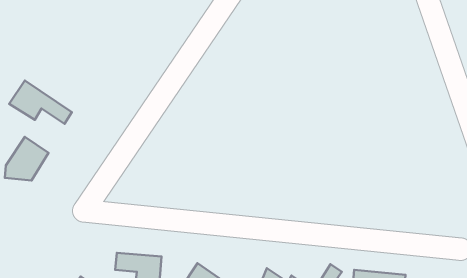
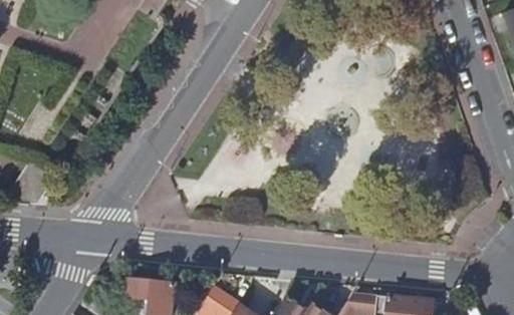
building: [9,81,72,124] -> none

